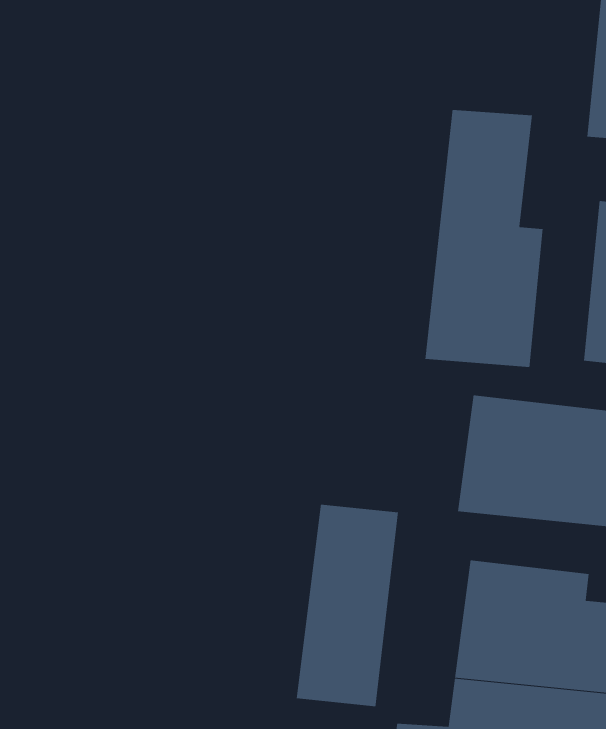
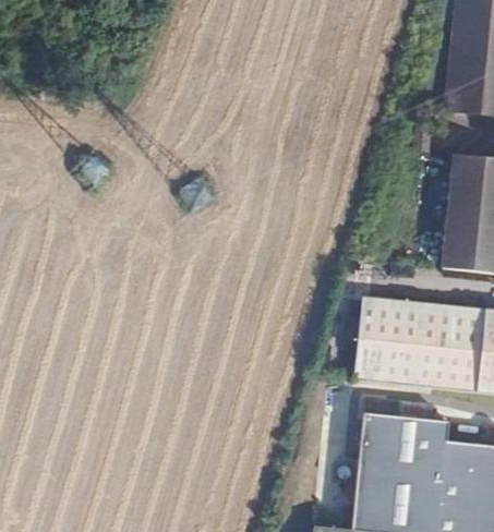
building: [425,109,543,368] -> none
building: [296,504,399,707] -> none

